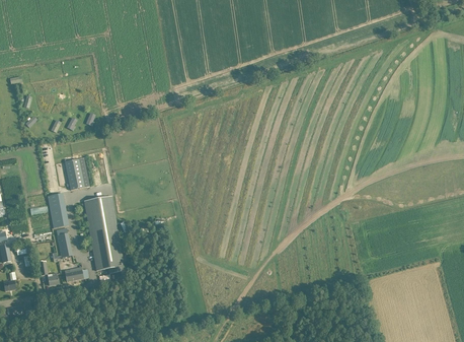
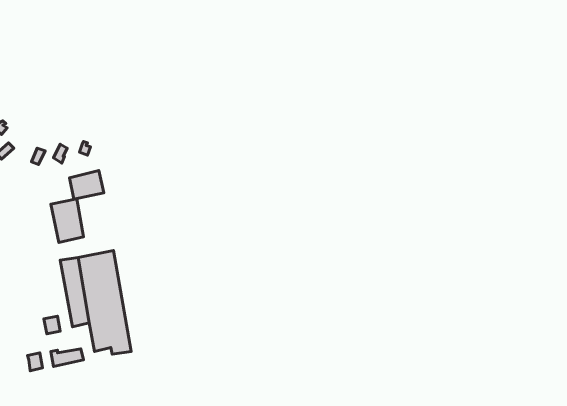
building: none -> [69,170,104,199]
building: [47,193,68,228] -> none

